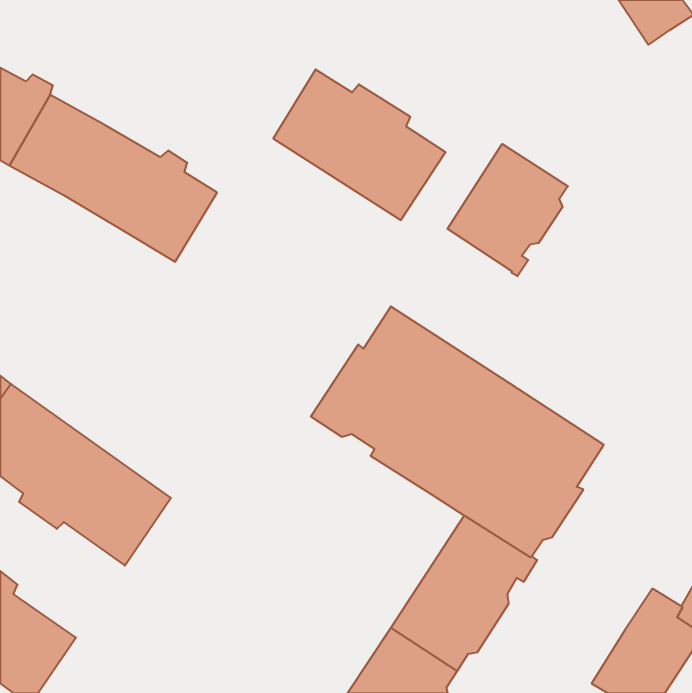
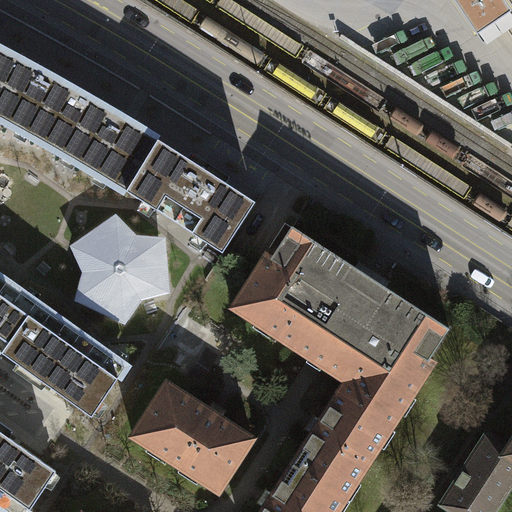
building: [273,69,446,220] -> [130,142,257,253]
building: [447,144,568,276] -> none
building: none -> [78,221,165,317]
building: none -> [129,382,250,491]

